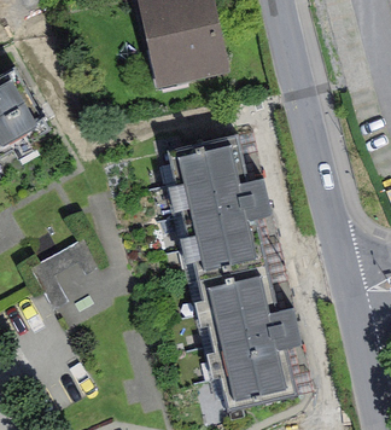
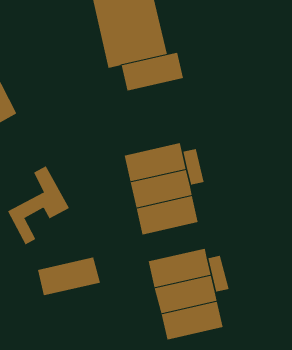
building: [168,146,244,193] -> [121,52,184,91]
building: [197,274,274,321] -> [37,257,101,296]

